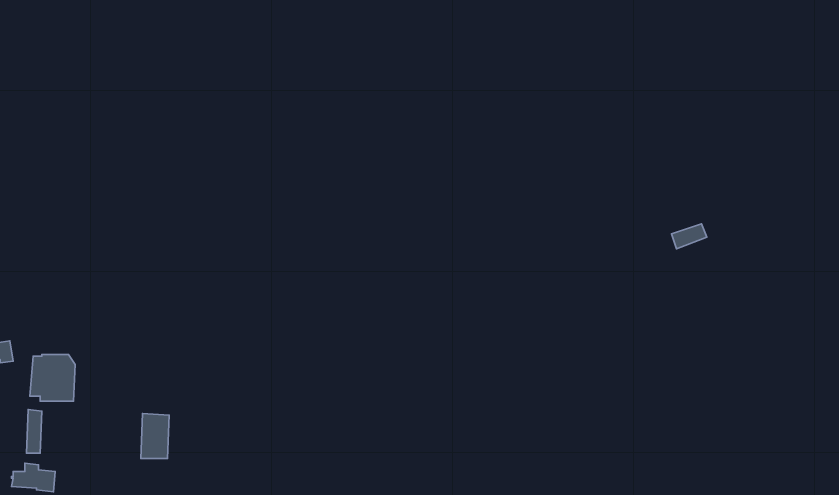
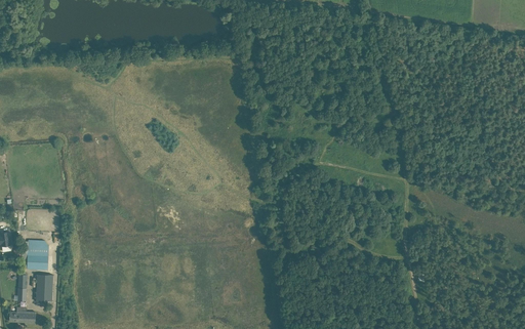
building: [141,413,169,459] -> [36,275,53,302]

